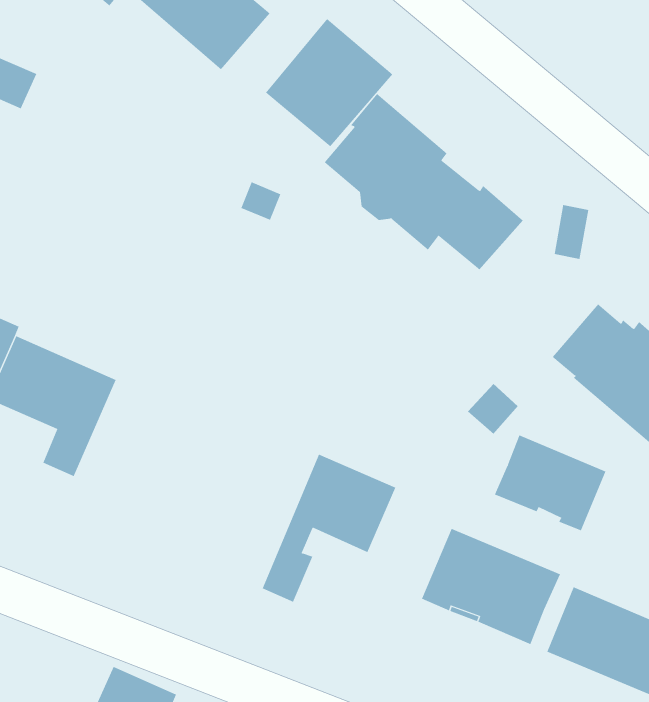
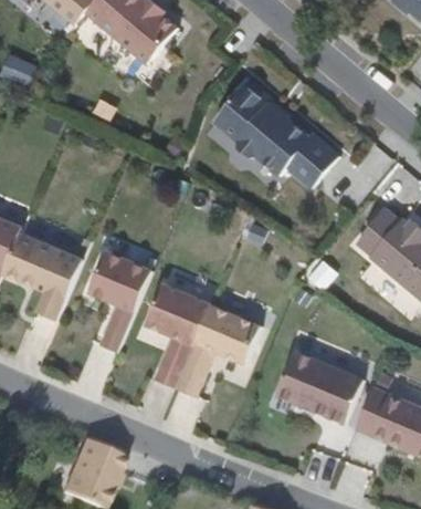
building: [265,18,393,147] -> none
building: none -> [88,250,151,351]
building: none -> [145,283,210,388]
building: [494,435,606,531] -> none

